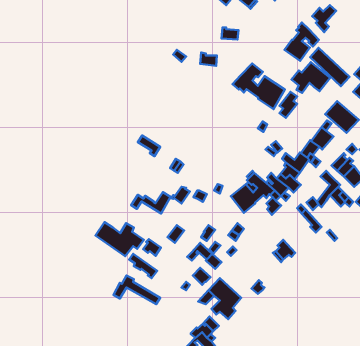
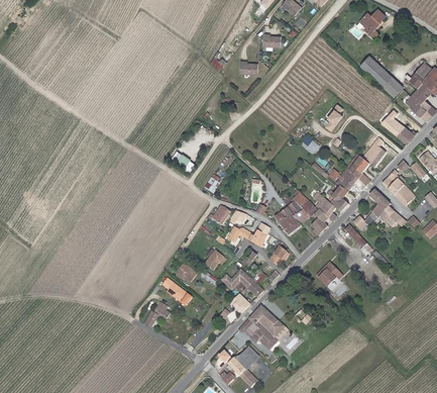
building: [285,22,319,61] -> none
building: [292,62,330,93] -> none
building: [232,63,285,109] -> none
building: [131,192,170,214] -> [227,223,269,247]
building: [95,222,144,256] -> none

